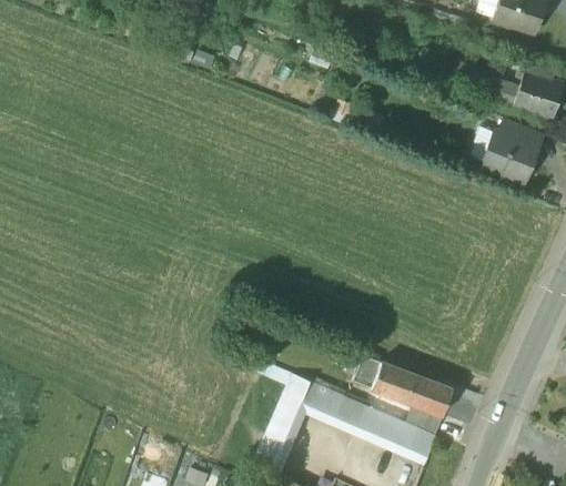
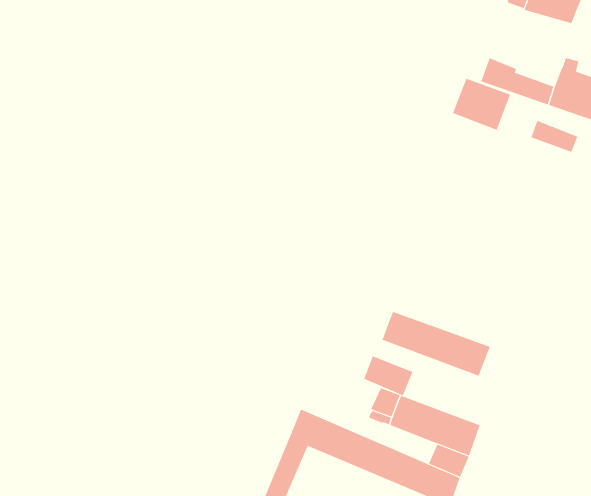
building: [483,132,535,179] -> [452,78,511,131]
building: none -> [382,311,491,377]
building: none -> [363,356,413,396]

